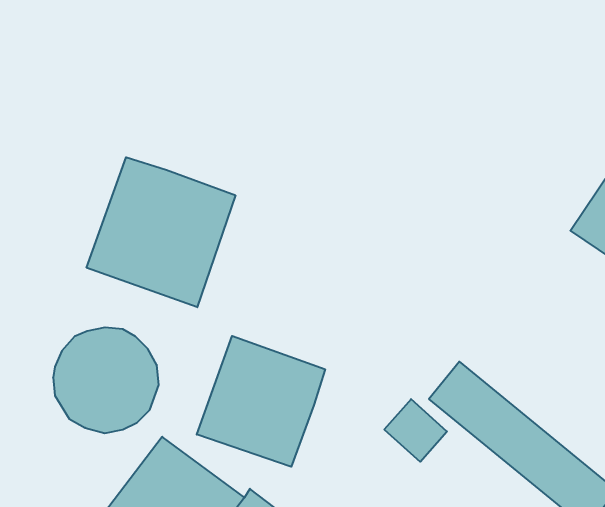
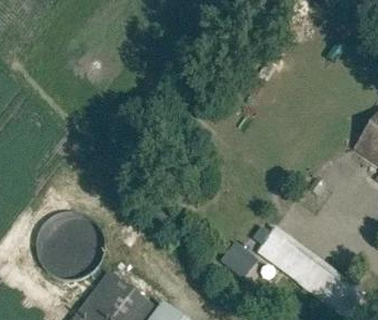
building: [87,157,235,307] -> none
building: [197,336,325,467] -> none

